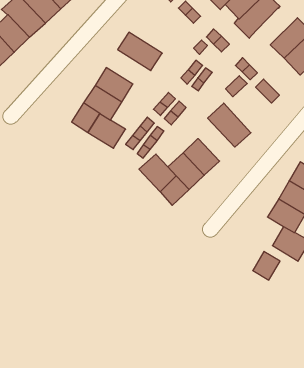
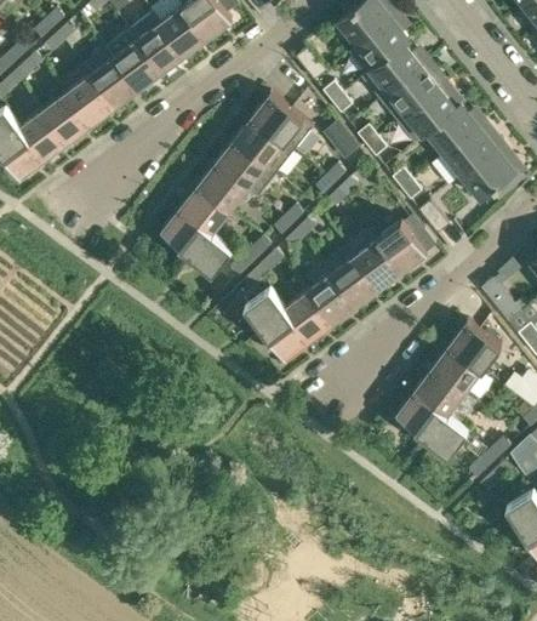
building: none -> [425,106,484,155]
building: none -> [251,92,312,150]
building: none -> [215,138,275,196]
building: none -> [370,220,425,273]
building: none -> [321,246,378,307]
building: [253,251,280,280] -> [394,391,433,431]

